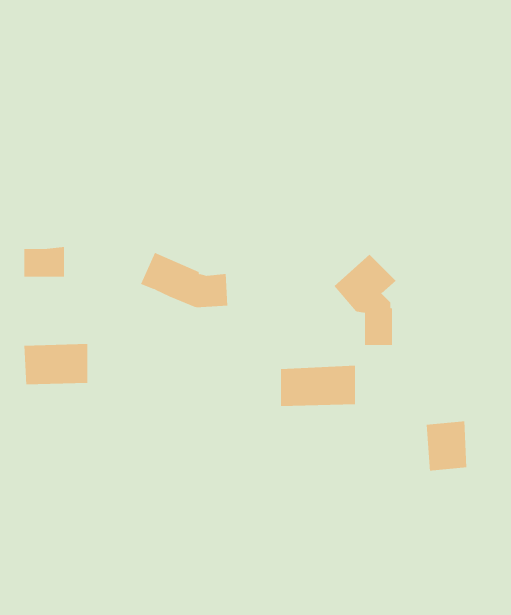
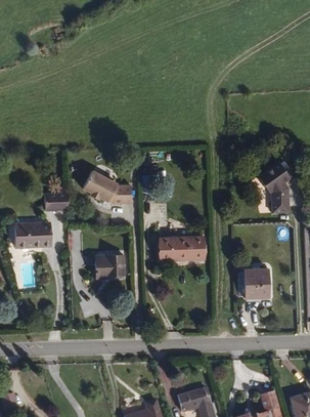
building: [23,247,65,277] -> [44,192,68,209]
building: [334,254,396,345] -> [253,160,289,212]
building: none -> [96,254,124,277]

